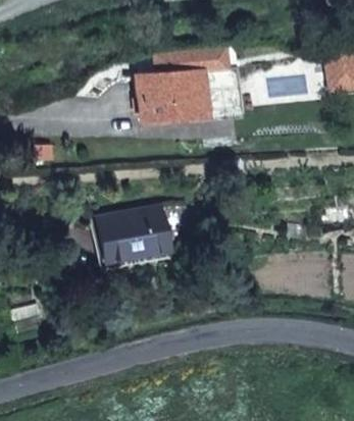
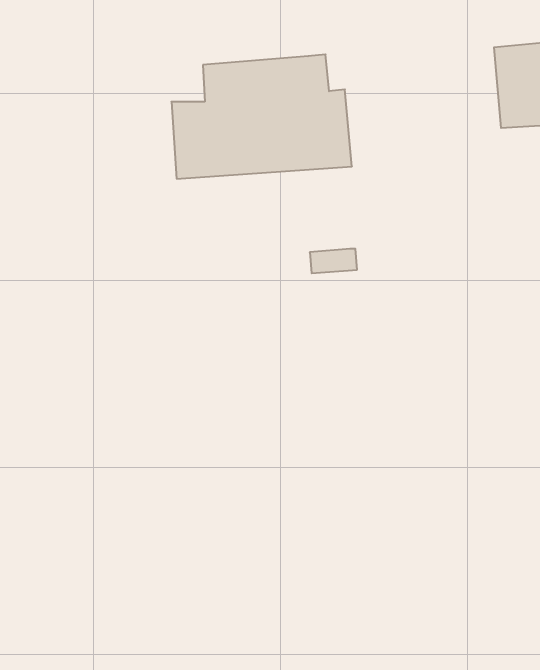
building: [95,208,165,263] -> none

